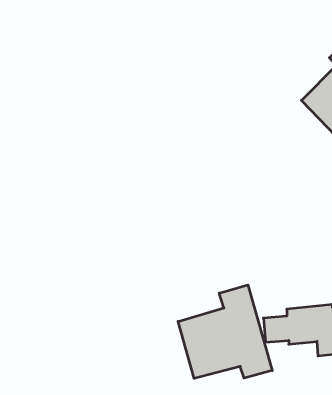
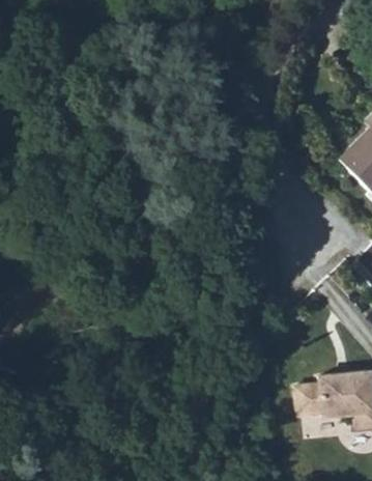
building: [178,285,272,378] -> none

